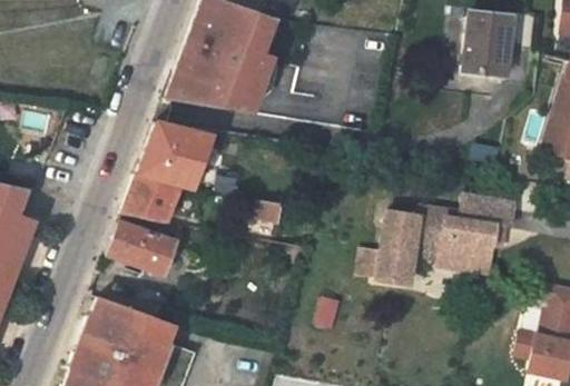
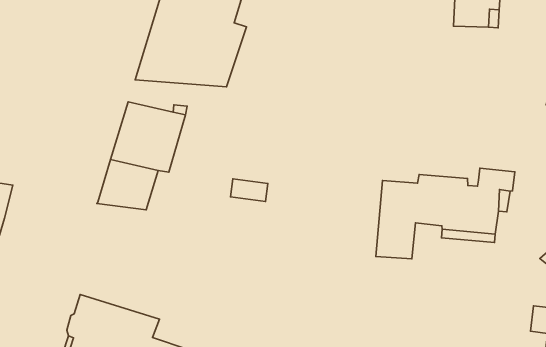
building: [105,212,181,275] -> none

